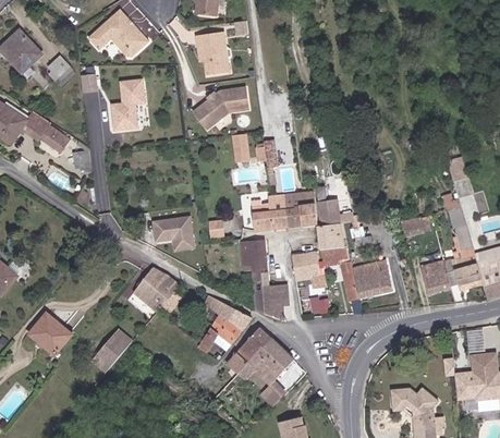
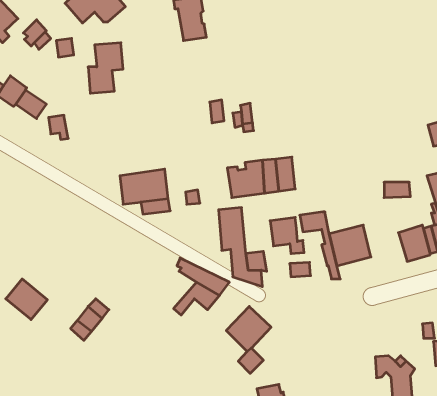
building: [192,87,247,129] -> none
building: [317,199,344,248] -> none
building: [132,267,180,312] -> none
building: [228,327,271,372] -> none

